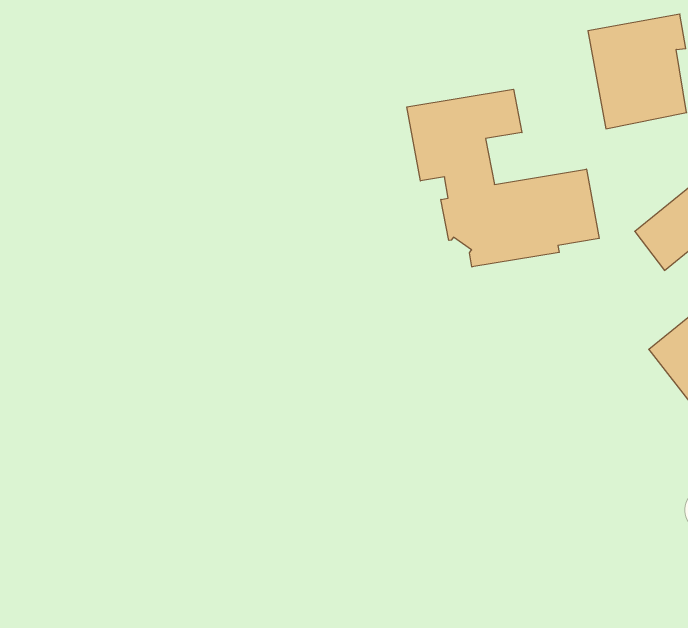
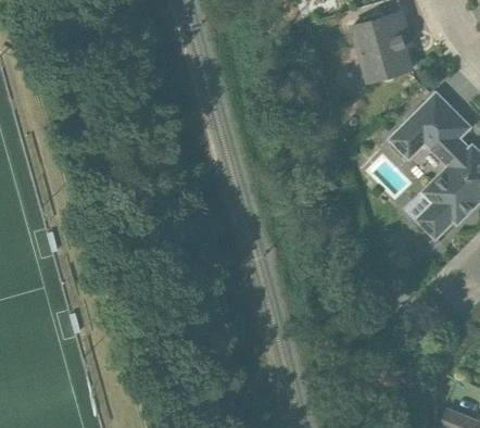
building: [407,89,599,267] -> none

